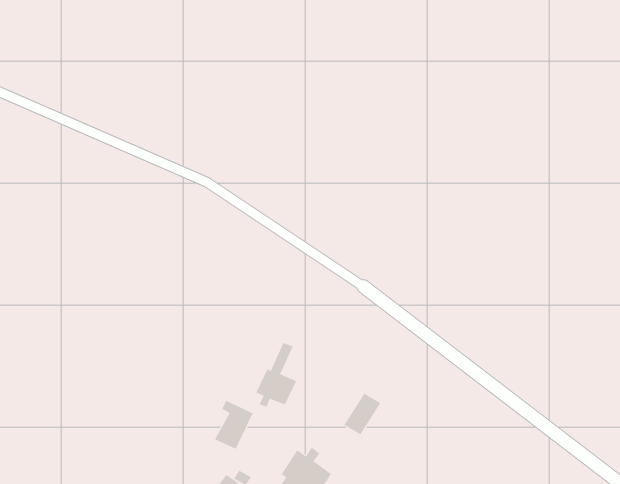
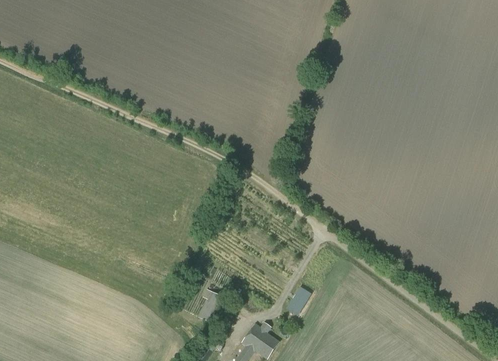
building: [256,342,297,407] -> none

